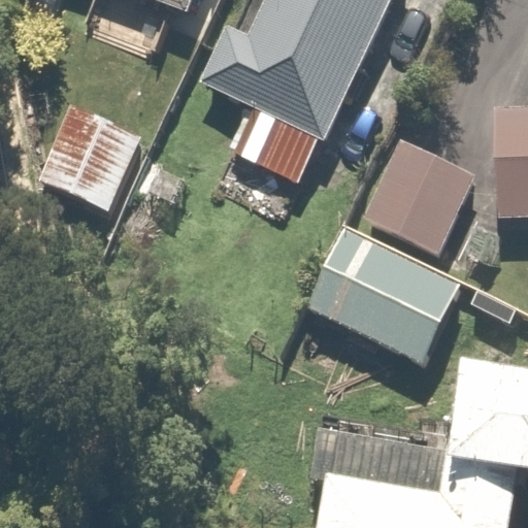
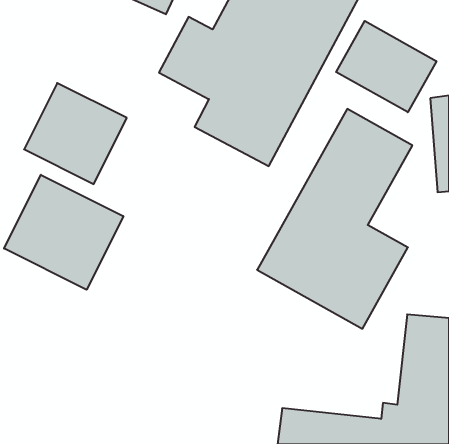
building: none -> [336,21,436,112]
building: none -> [4,175,123,290]

